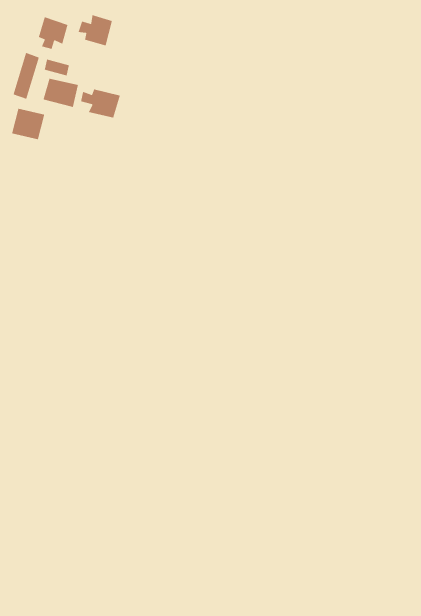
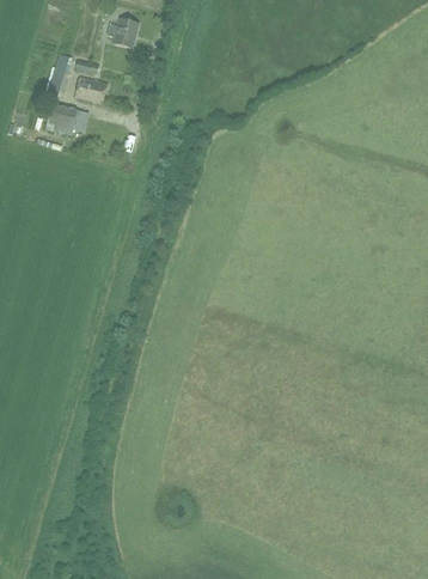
building: [38,16,68,50] -> none
building: [80,88,121,119] -> none

